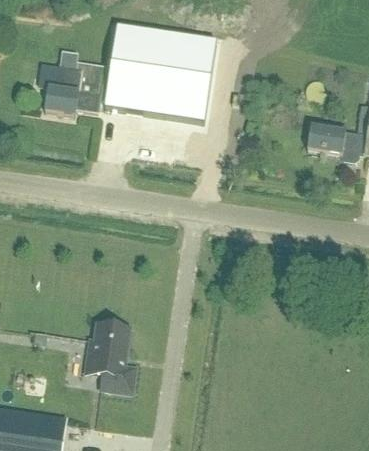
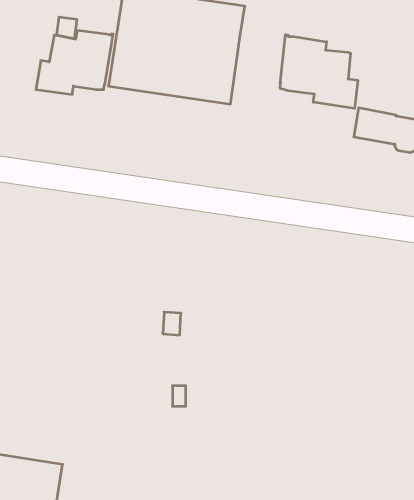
building: none -> [280,35,358,108]
building: [88,323,134,391] -> none

